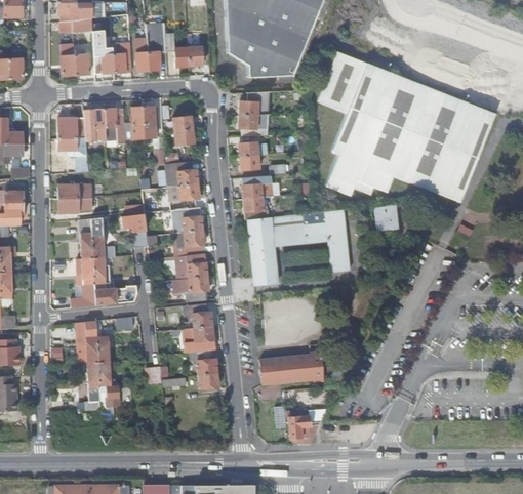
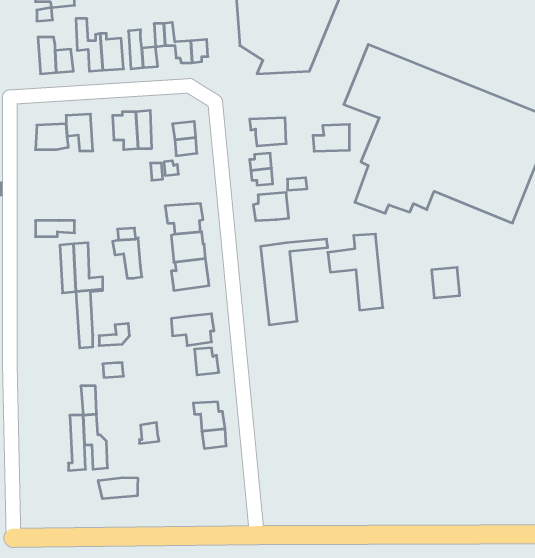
building: [237,91,268,114] -> [313,124,350,151]
building: [105,109,124,140] -> none
building: [58,137,88,173] -> none
building: [171,162,197,186] -> none
building: [58,184,91,199] -> none
building: [243,198,269,220] -> none
building: [375,205,399,231] -> [432,267,460,298]
building: [272,221,306,246] -> none
building: [174,253,206,279] -> none
building: [73,258,95,307] -> none
building: [79,321,98,362] -> none
building: [186,326,214,353] -> none
building: [259,351,324,385] -> none
building: none -> [98,478,138,499]
building: [287,414,312,438] -> none

